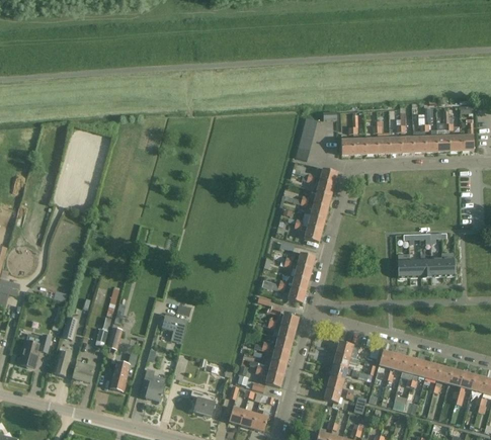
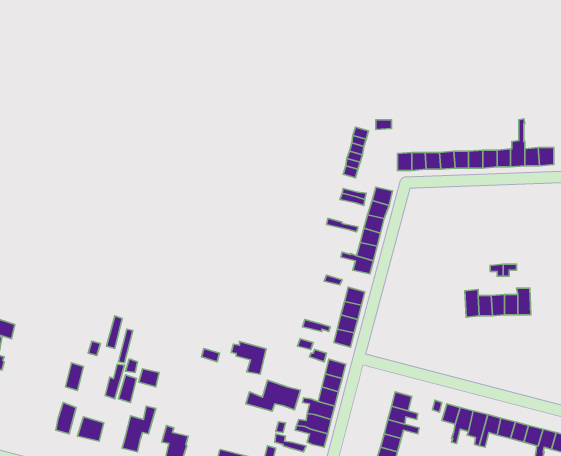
building: [157,315,186,342] -> [231,342,266,374]
building: none -> [246,380,301,411]
building: [18,334,51,367] -> none

